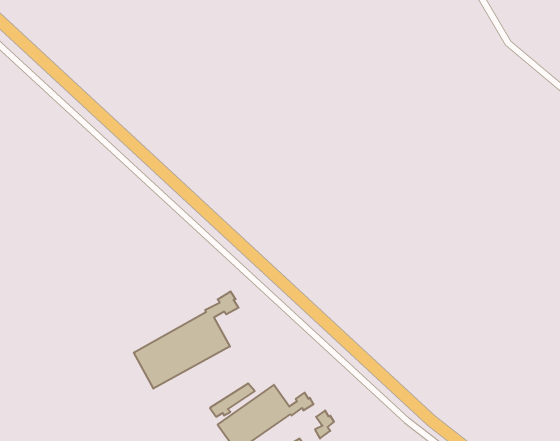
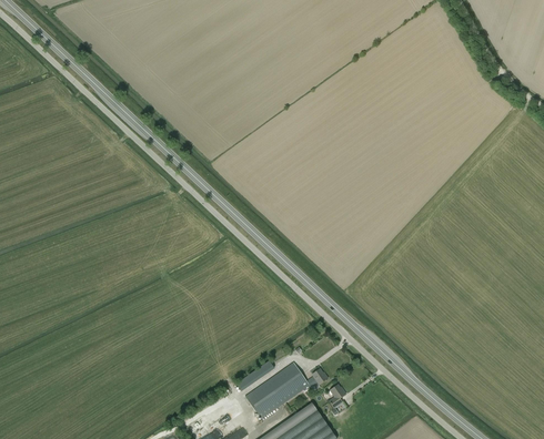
building: [134,291,239,389] -> none

